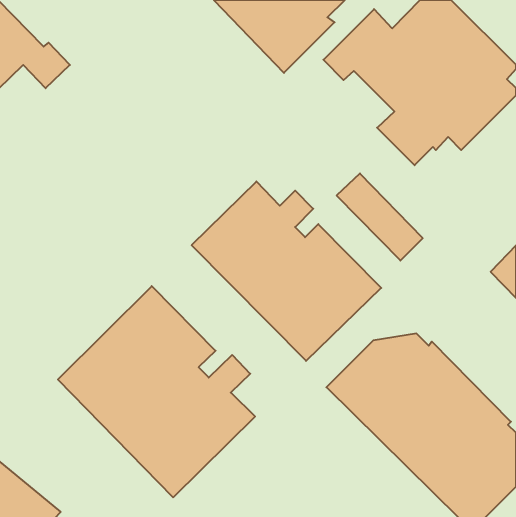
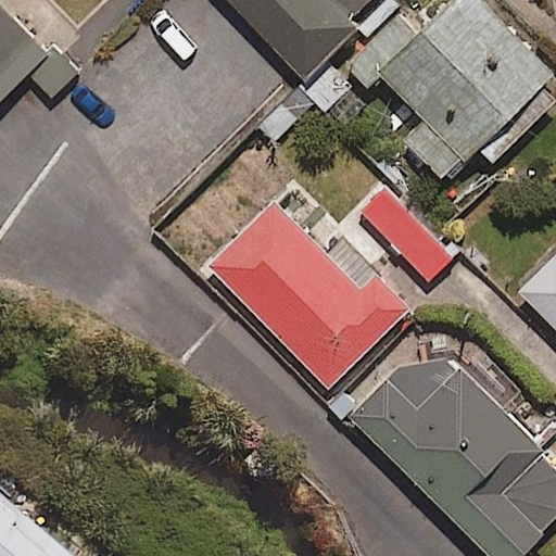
building: [58,286,255,497] -> none

